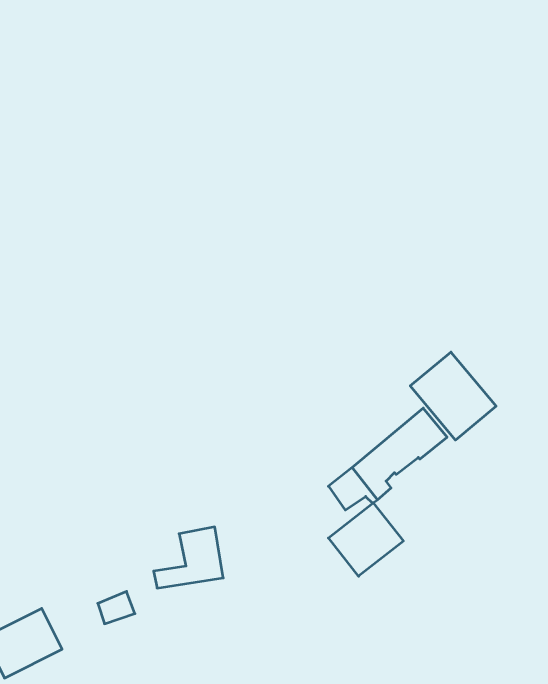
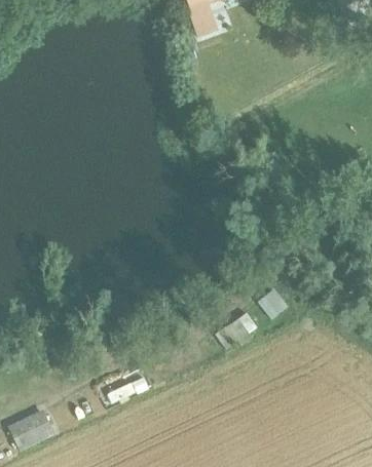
building: [410,352,496,440] -> none
building: [328,503,403,576] -> none

